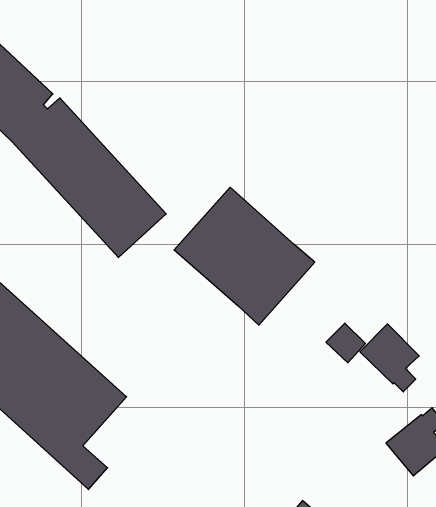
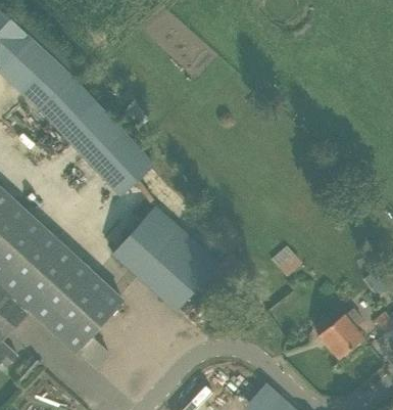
building: [174,187,315,325] -> [112,208,217,311]
building: [360,324,419,392] -> none

